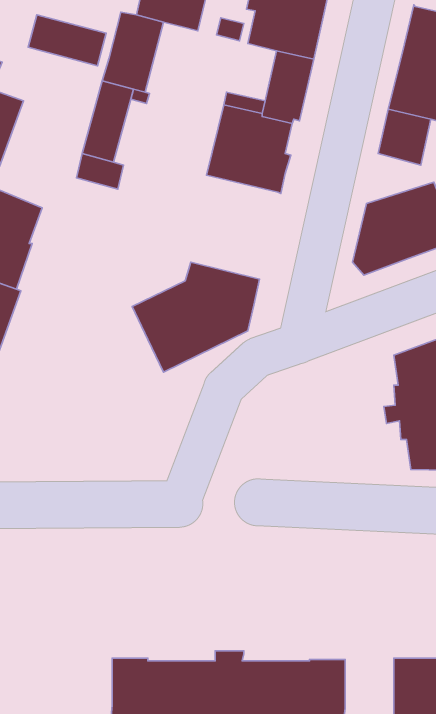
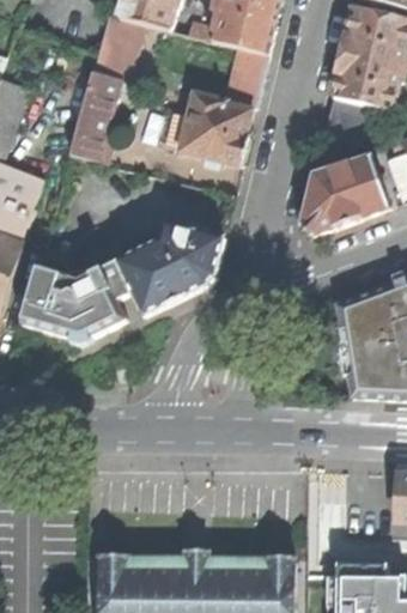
building: [28,15,106,66] -> none
building: none -> [19,261,129,338]

